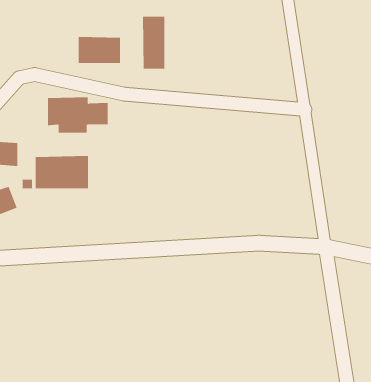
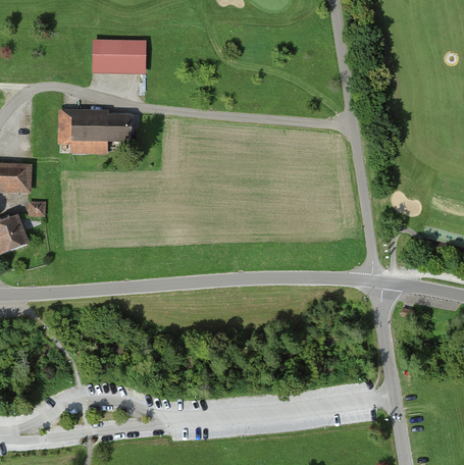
building: [142,16,165,70] -> none
building: [35,155,88,189] -> none

